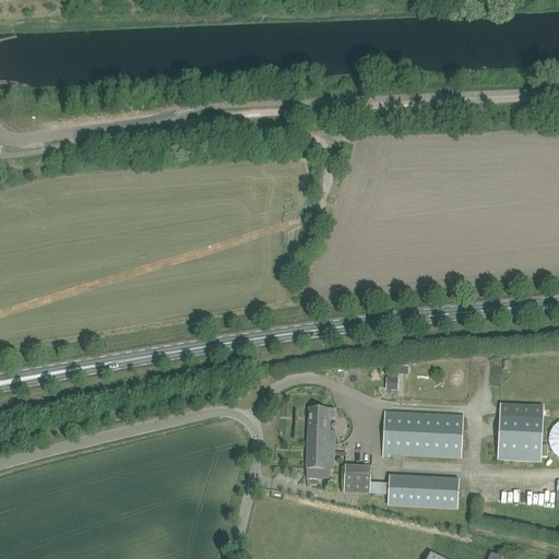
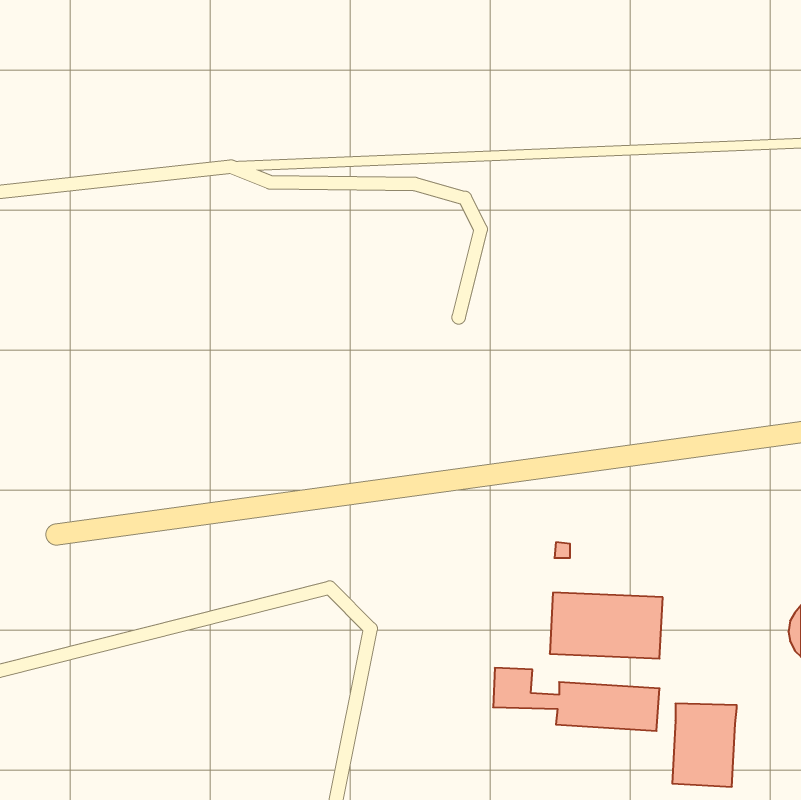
building: [498,403,543,461] -> [672,704,737,787]
building: [305,406,334,477] -> none

